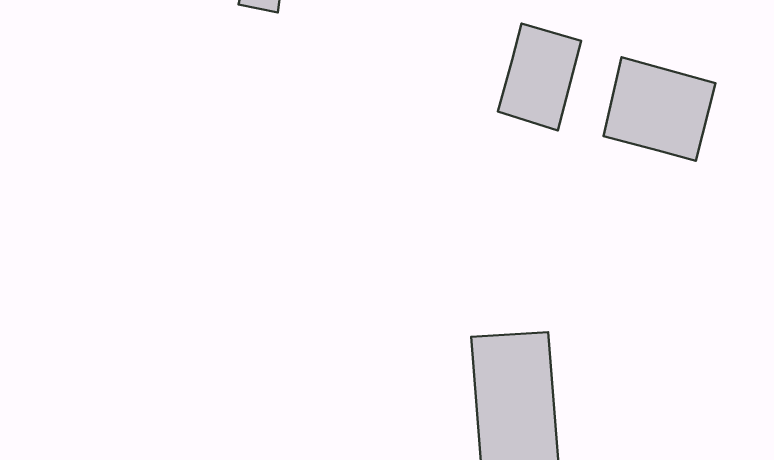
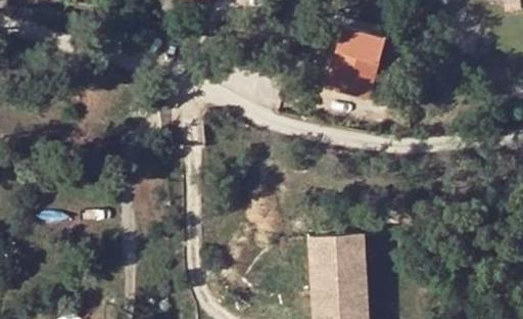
building: [603,57,715,161] -> none

